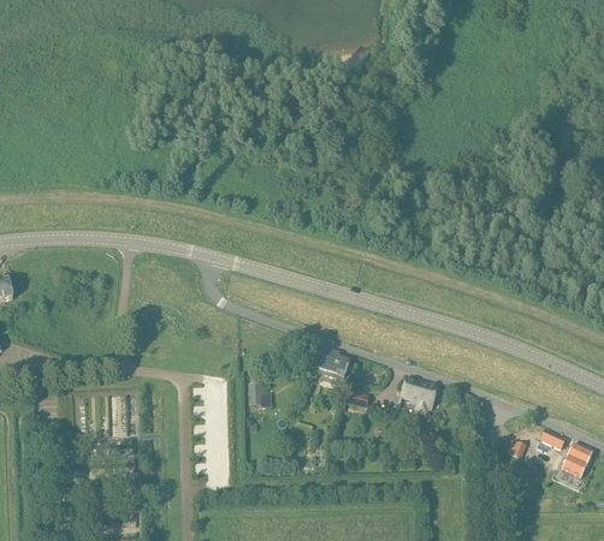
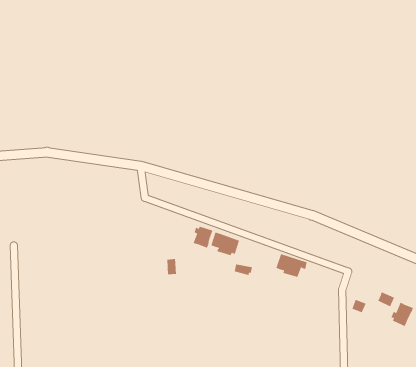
building: none -> [193,226,213,249]

